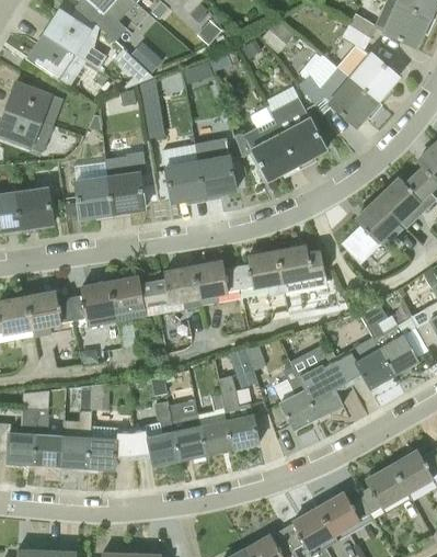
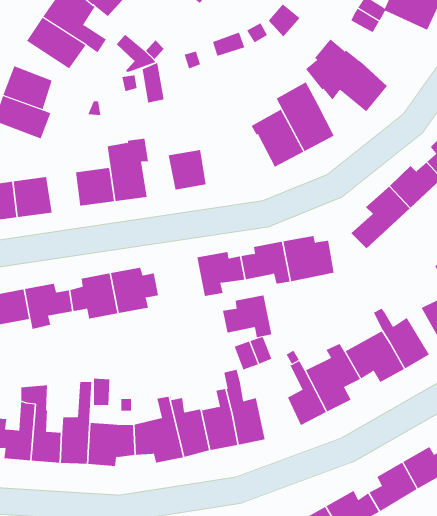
building: [349,53,399,101] -> none
building: [194,136,237,196] -> none
building: [152,266,200,308] -> [222,295,272,338]

